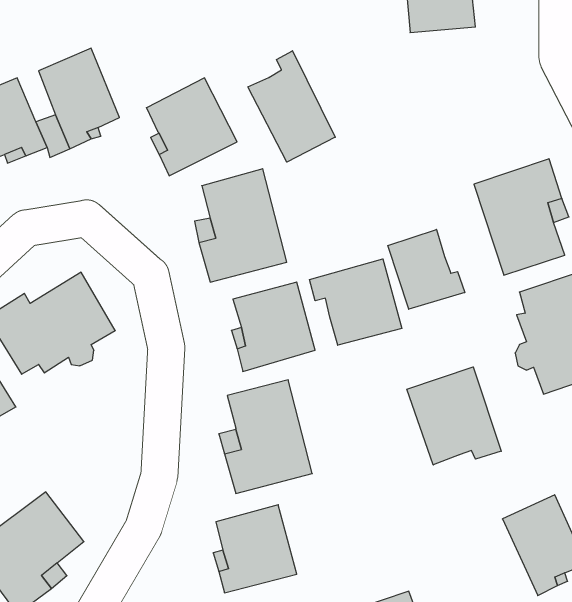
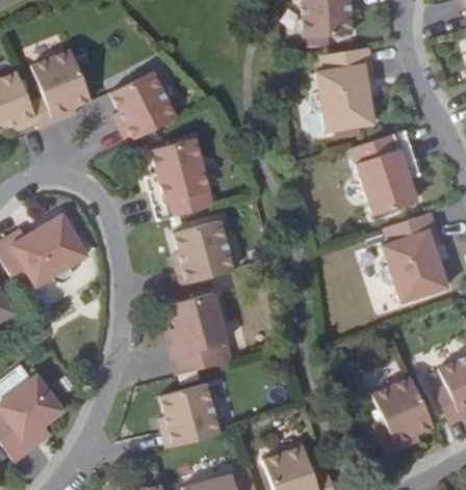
building: none -> [310,47,374,131]
building: [248,51,335,162] -> none
building: [388,229,465,309] -> none
building: [309,259,402,345] -> none
building: [407,367,501,465] -> none

